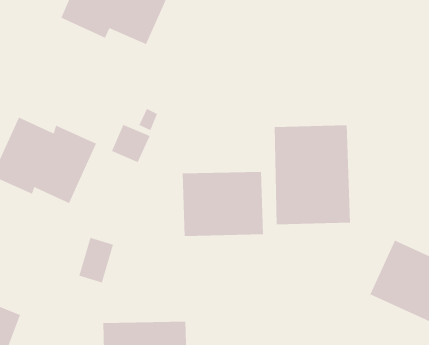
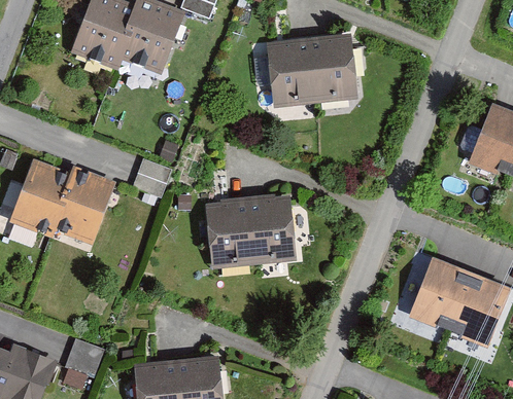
building: none -> [265,34,358,103]
building: [274,125,350,225] -> none
building: [78,237,114,283] -> [64,335,99,383]

